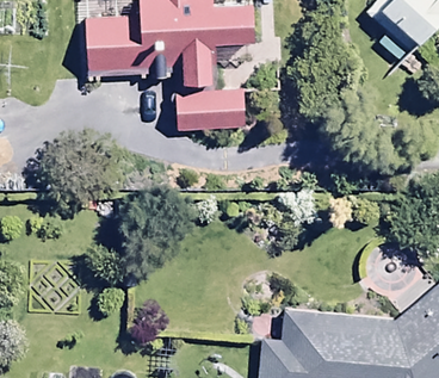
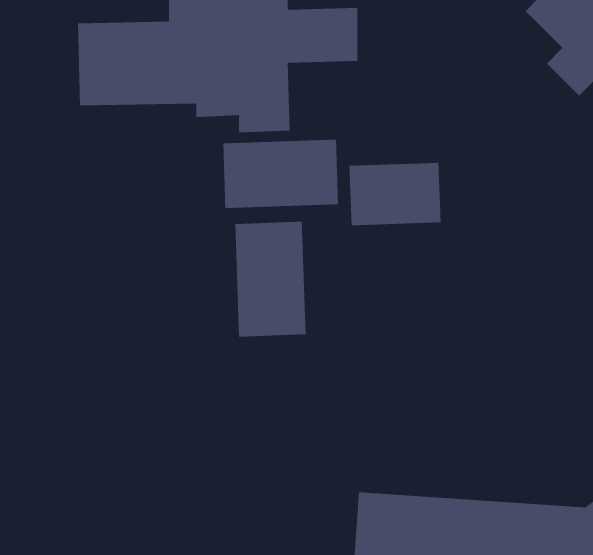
building: none -> [349,162,442,226]
building: none -> [234,221,307,337]

